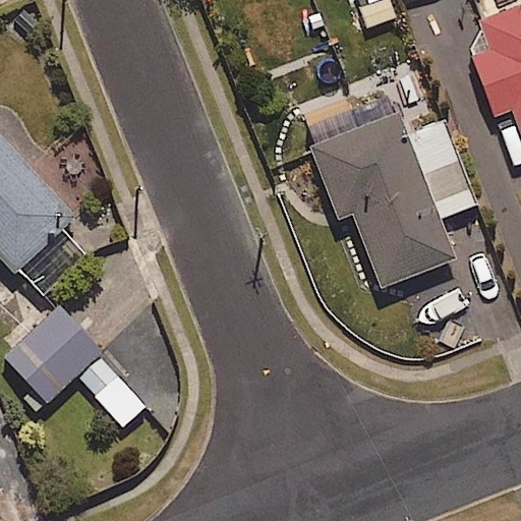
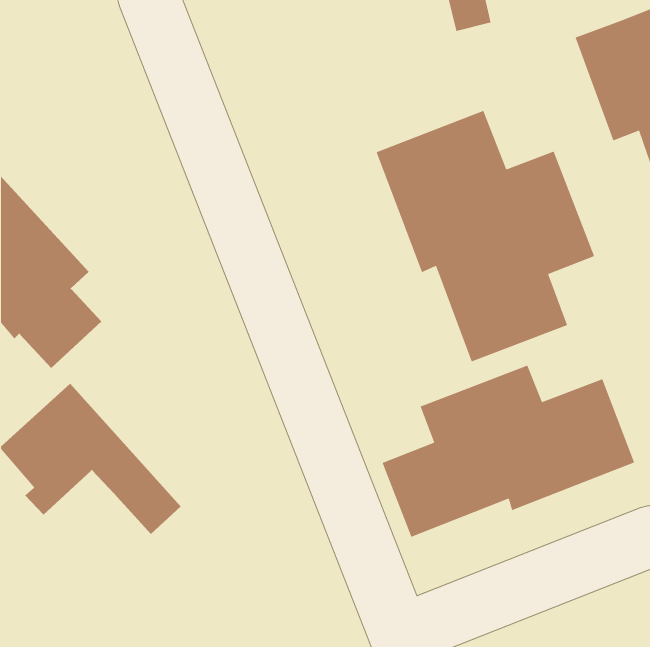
building: none -> [381,364,635,538]

